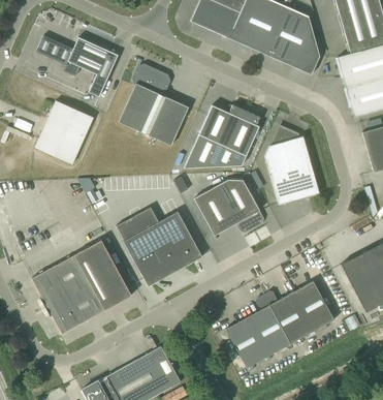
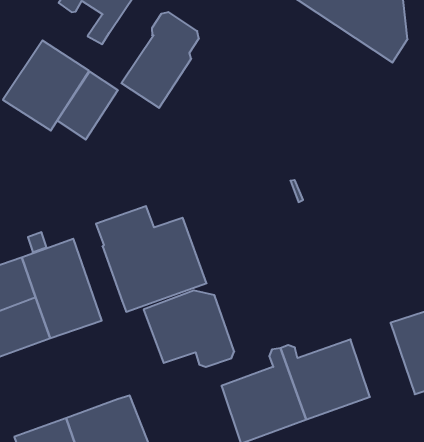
building: [148,96,188,146] -> [57,71,118,140]
building: [183,104,259,167] -> none
building: [264,126,318,205] -> none
building: [193,179,263,235] -> [144,290,234,367]

